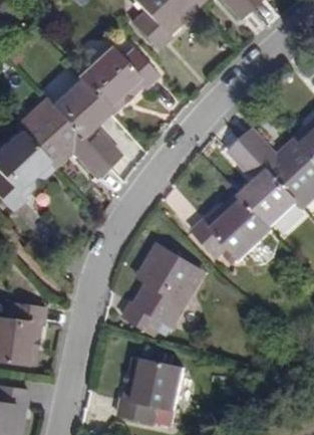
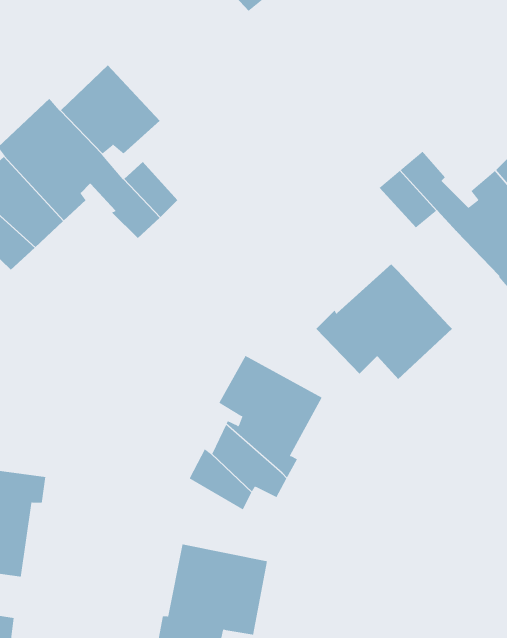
building: [78,47,156,114] -> none
building: [246,174,303,227] -> none

